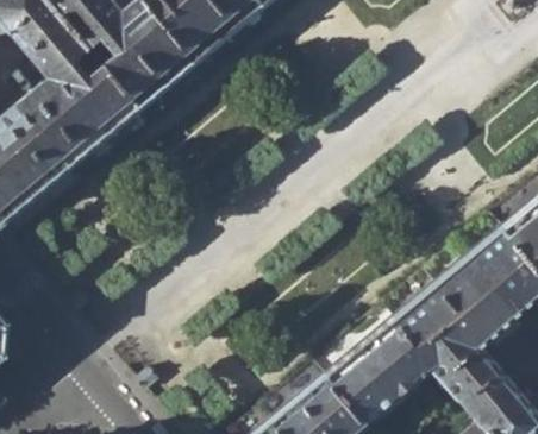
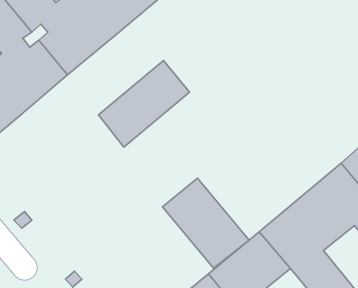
building: none -> [98,61,189,147]
building: none -> [163,178,249,268]

